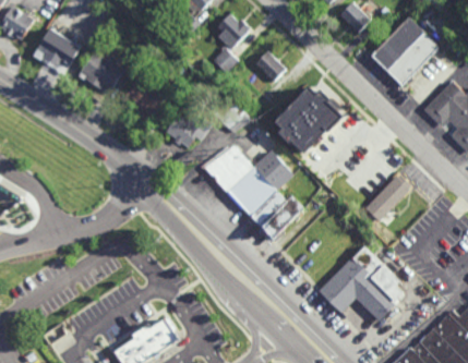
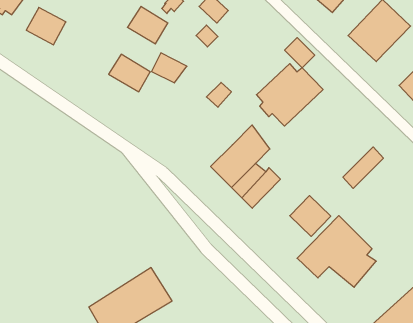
building: [253,51,285,83] -> [285,38,315,68]
building: [77,52,120,92] -> [127,6,168,44]
building: [164,116,201,147] -> [152,53,187,83]
building: [203,146,251,195] -> none
building: none -> [290,196,331,236]

